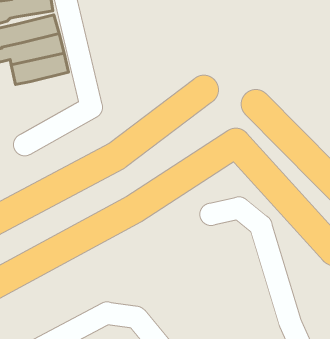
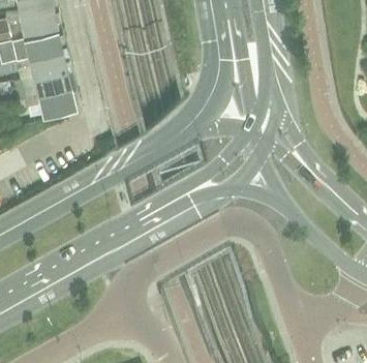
building: none -> [22,85,80,118]

